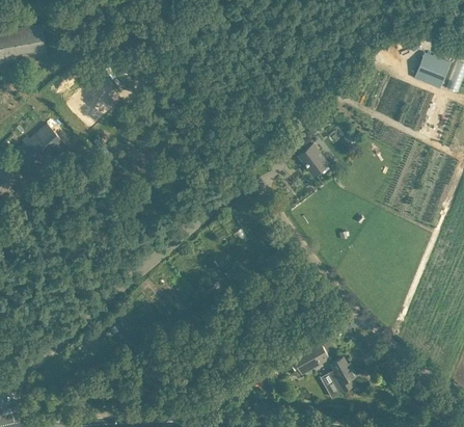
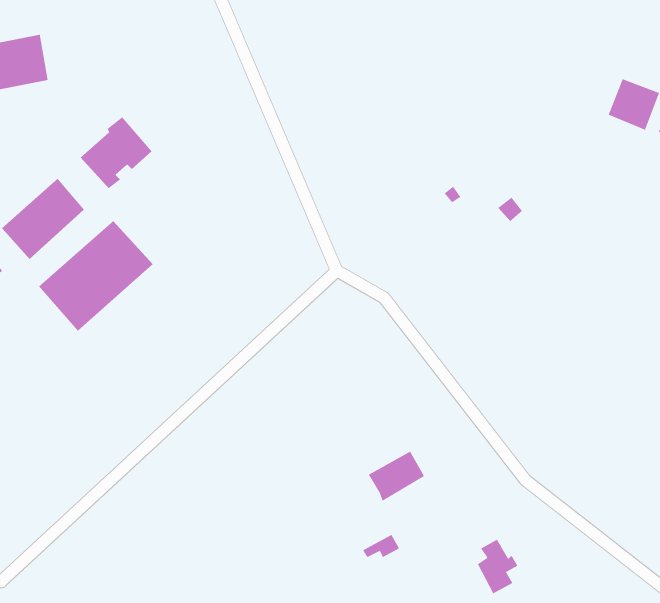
building: [299,143,328,174] -> none
building: none -> [38,220,154,331]
building: [292,341,329,374] -> [368,451,425,501]

